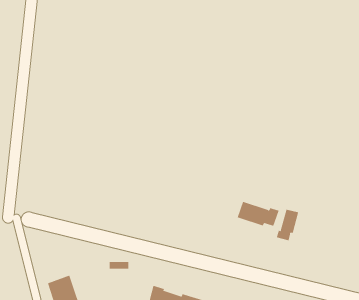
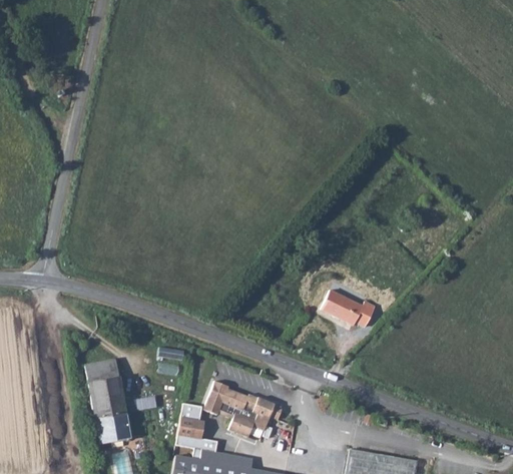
building: [276,209,299,241] -> none

